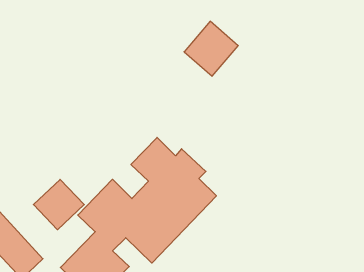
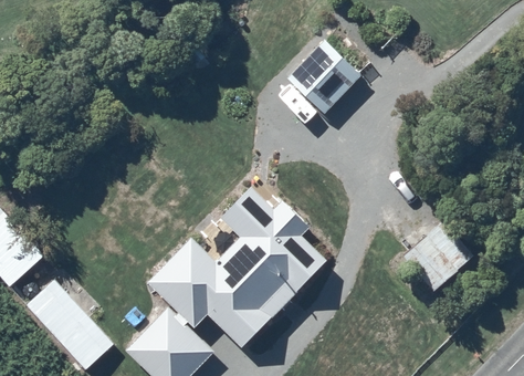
building: none -> [404,222,469,286]
building: [33,179,84,230] -> none

